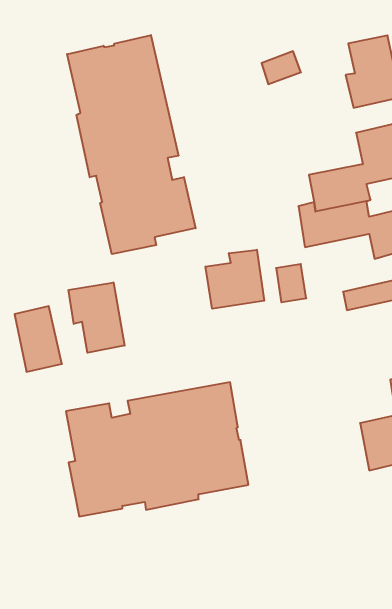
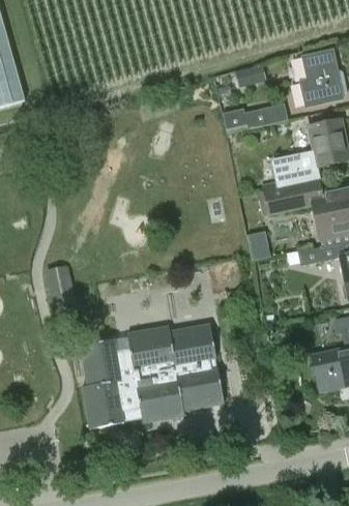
building: [67,35,196,254] -> none
building: none -> [222,103,288,132]
building: [205,250,264,309] -> none
building: [69,282,125,353] -> none

